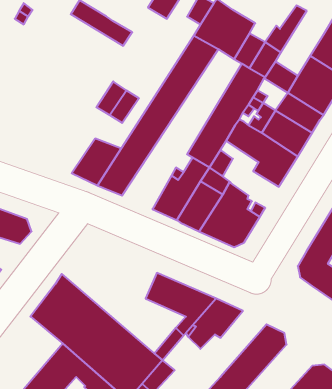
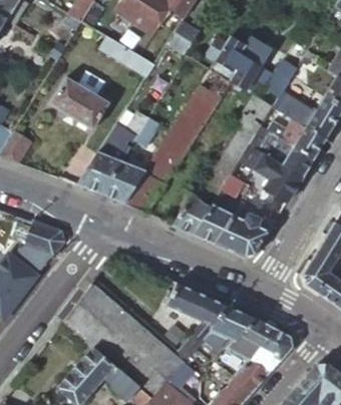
building: none -> [50,76,109,129]
building: none -> [77,150,121,191]
building: none -> [227,315,275,359]

